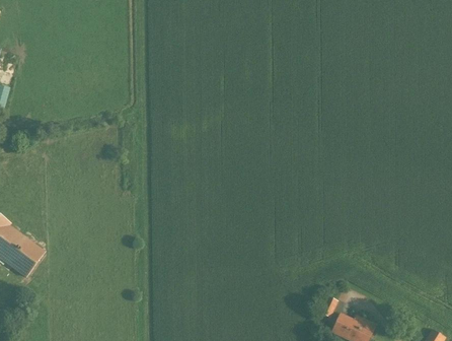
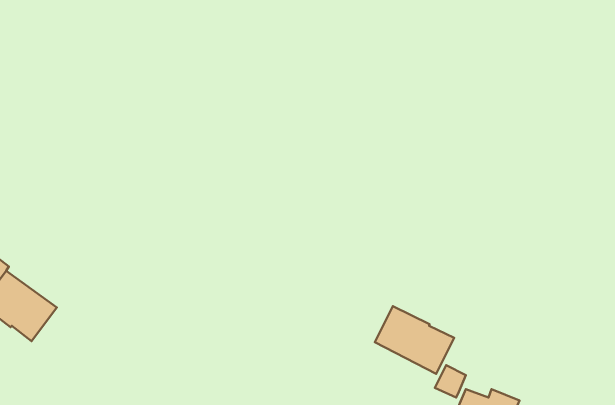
building: none -> [375,306,454,374]

